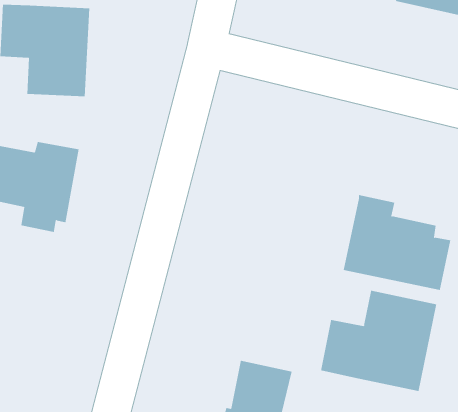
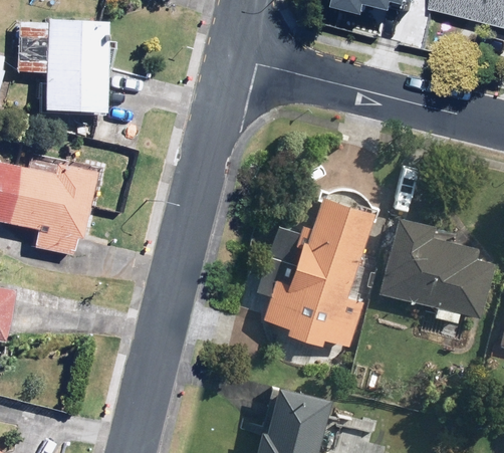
building: none -> [248,189,376,349]
building: [321,290,437,392] -> none

